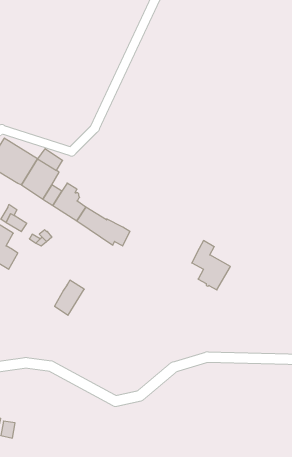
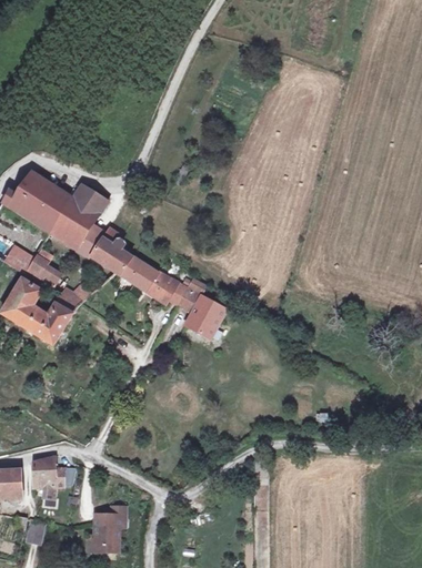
building: [192,241,230,290] -> [178,277,225,338]
building: [55,280,84,315] -> [37,302,73,345]
building: none -> [32,455,74,487]
building: none -> [94,514,125,551]

